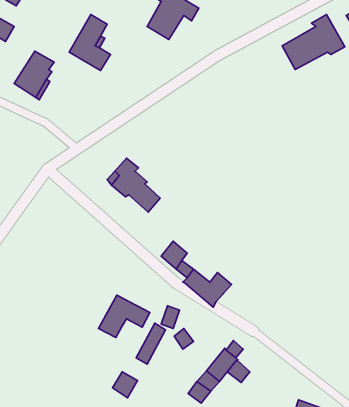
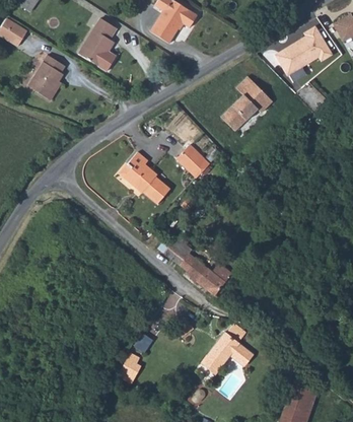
building: none -> [213,76,266,130]
building: none -> [173,147,205,179]
building: [98,295,150,338] -> none

